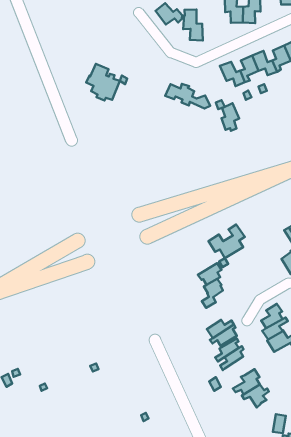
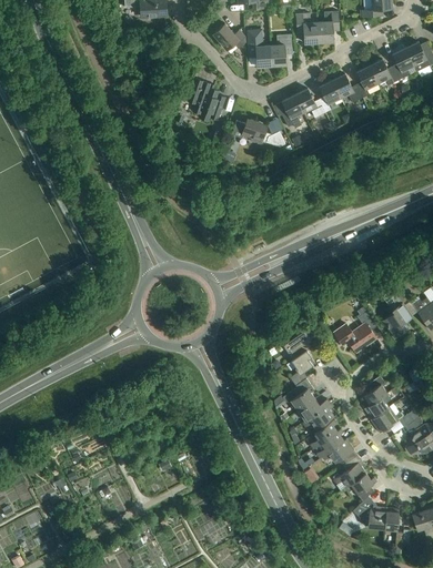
building: none -> [270,34,292,65]
building: [86,64,120,100] -> [185,78,225,121]
building: [221,103,239,131] -> [282,94,303,128]
building: [208,224,245,258] -> [334,311,377,352]
building: none -> [282,377,314,410]
building: none -> [322,436,358,463]
building: none -> [354,496,386,528]

